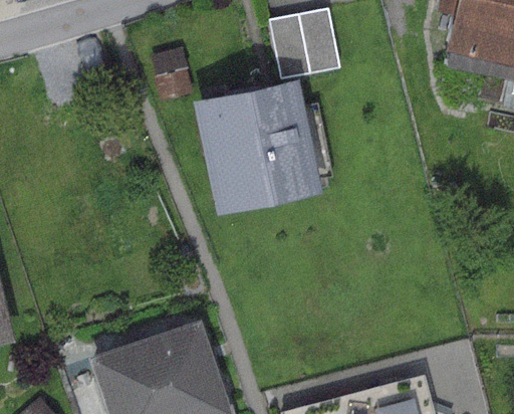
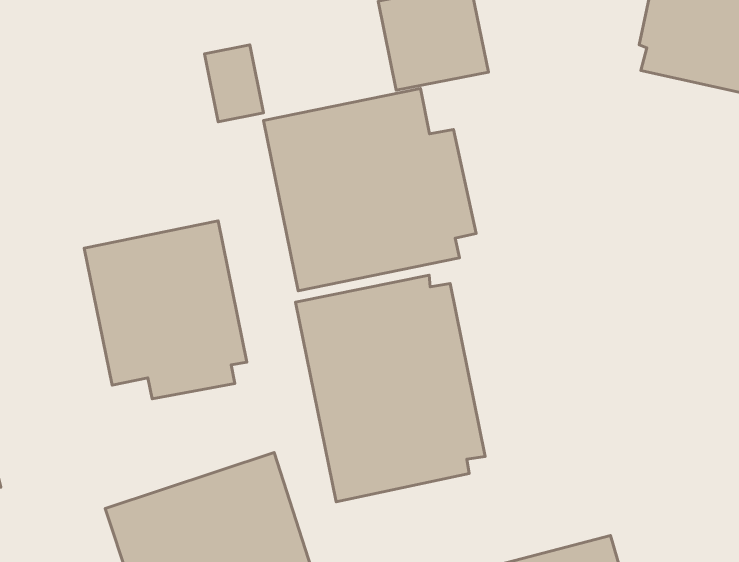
building: none -> [84,221,247,399]
building: none -> [295,275,485,502]

